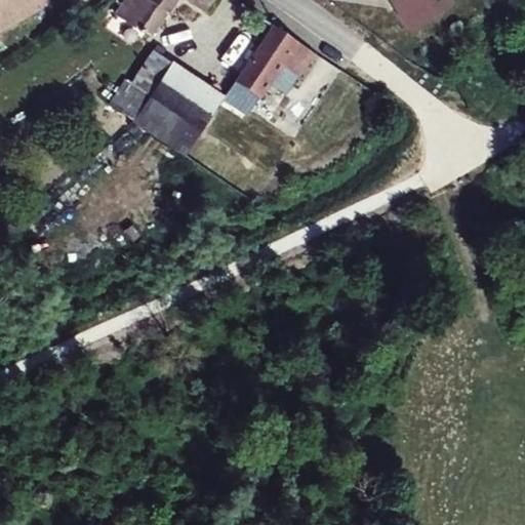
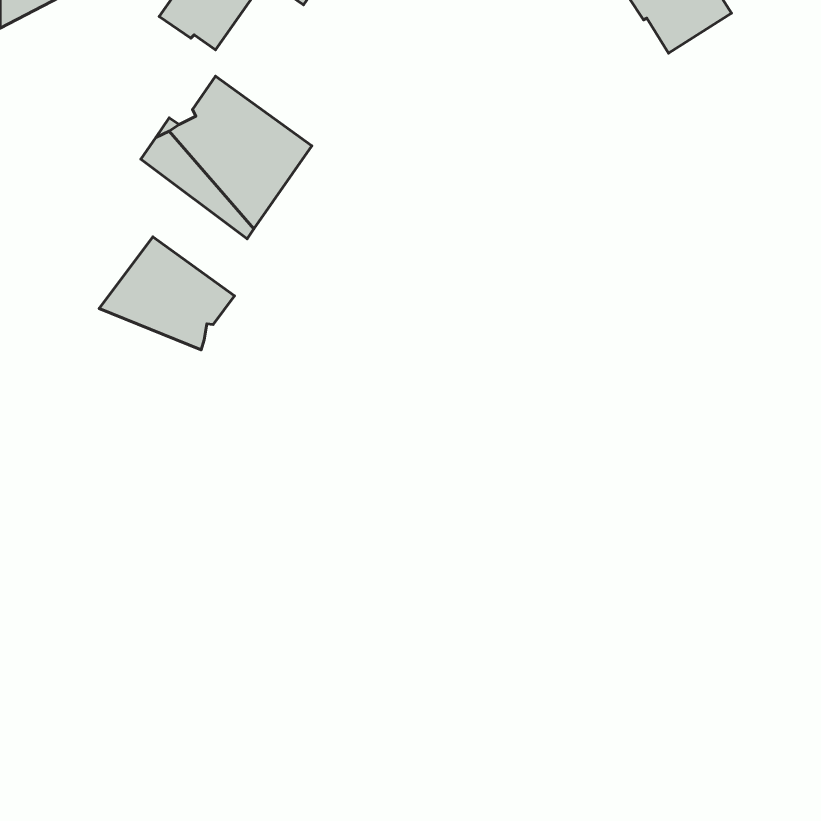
building: [215,23,301,107] -> none
building: none -> [99,237,234,350]

